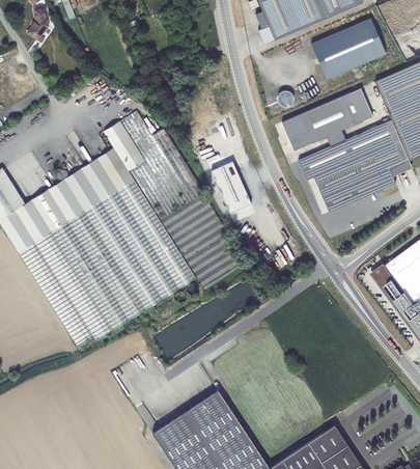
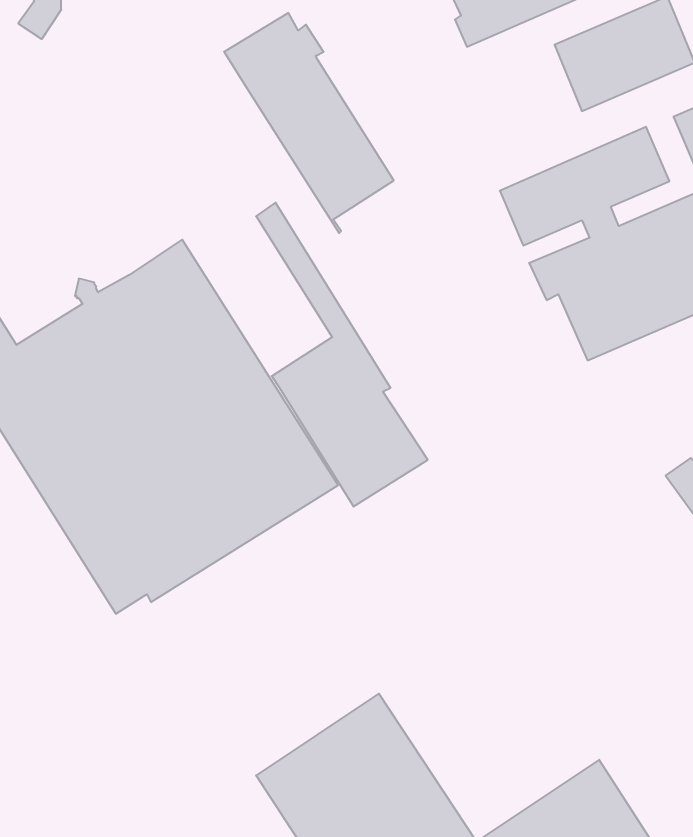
building: [103,110,193,227] -> [224,13,394,233]
building: [212,161,251,213] -> none

